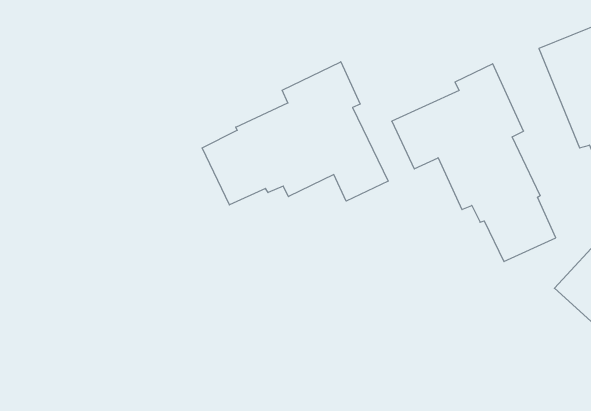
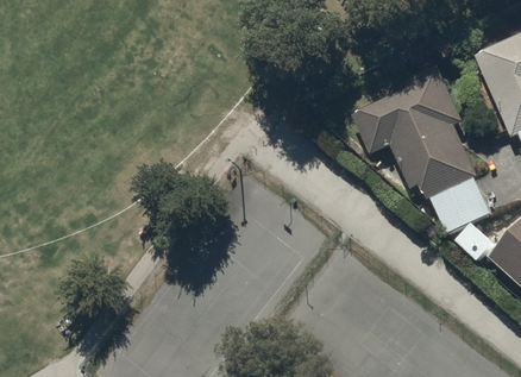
building: [202,62,388,205] -> none

